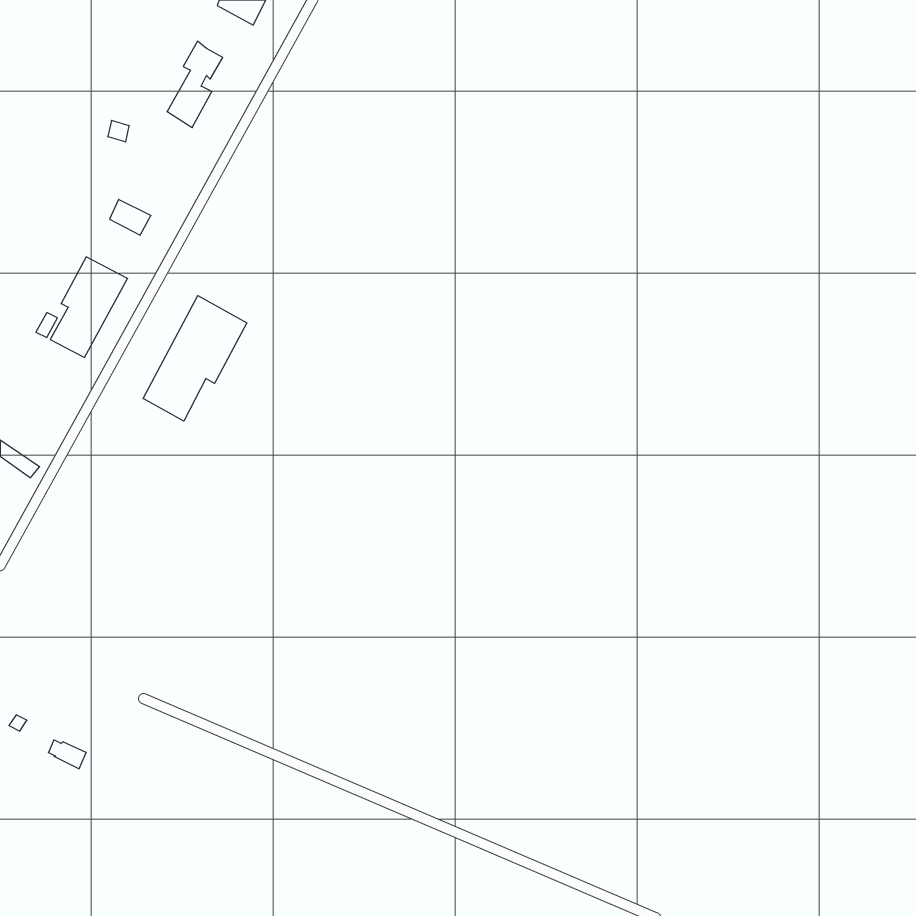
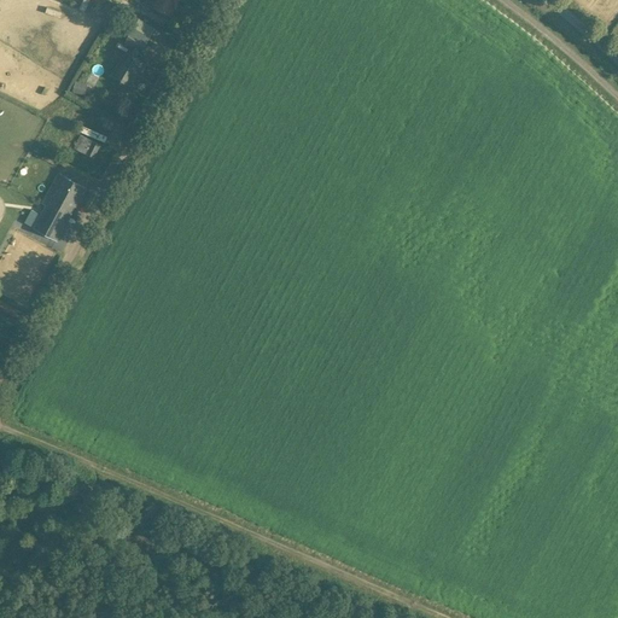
building: [143,296,247,421] -> none

